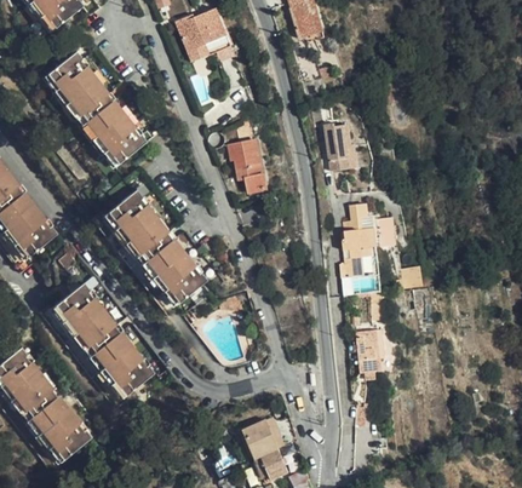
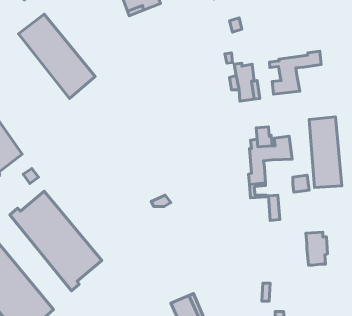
building: none -> [269,51,321,94]
building: [231,137,268,188] -> none
building: [87,186,203,312] -> none
building: none -> [309,117,342,187]
building: [357,329,385,372] -> [306,232,328,265]

